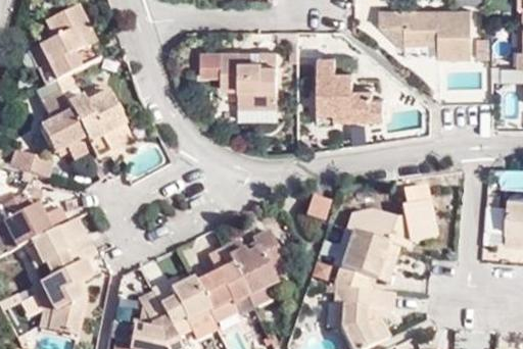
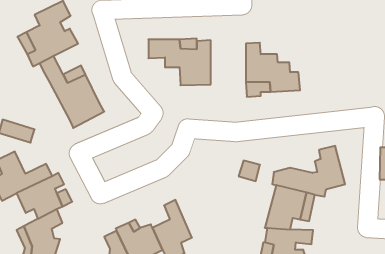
building: [377,8,467,60] -> none
building: [40,92,95,162] -> none
building: [227,233,288,299] -> none

